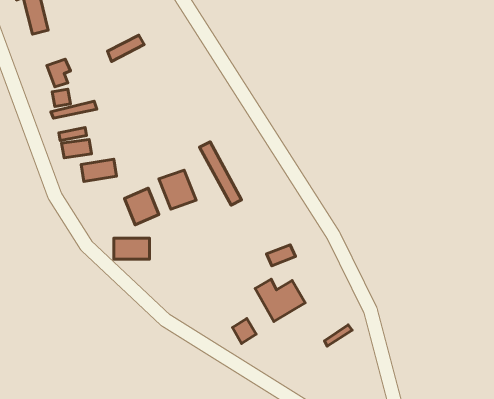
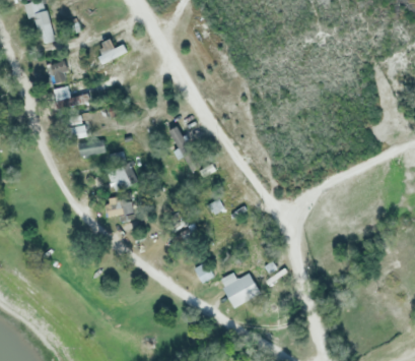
building: [159,170,196,209] -> none
building: [255,279,305,321] -> [220,272,259,304]

